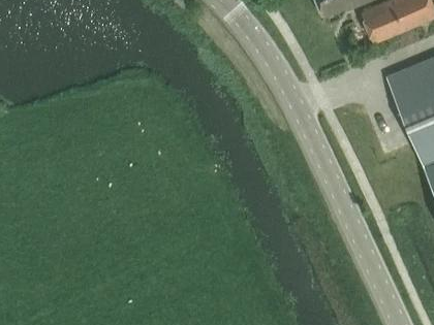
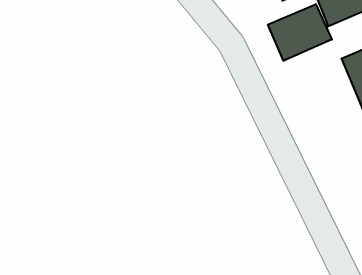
building: none -> [268,4,332,61]

